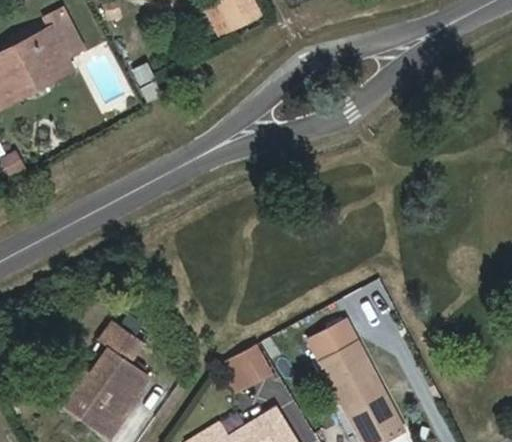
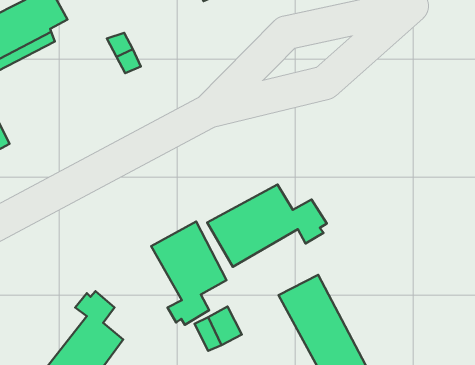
building: none -> [207,184,327,267]
building: none -> [151,221,226,325]

